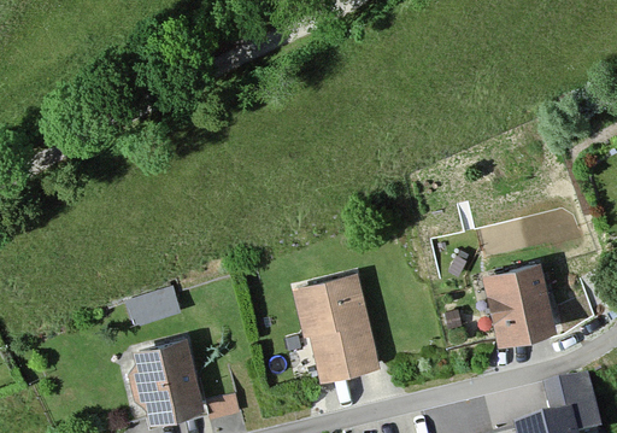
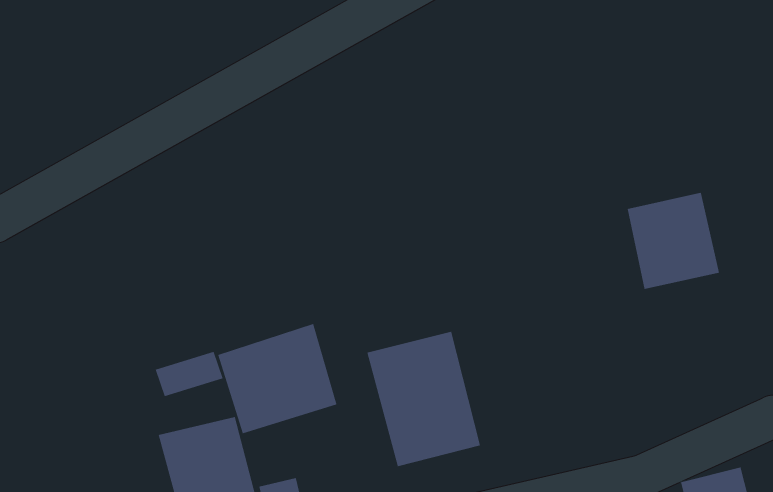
building: [483,263,557,340] -> [627,192,720,290]
building: none -> [218,323,337,434]

